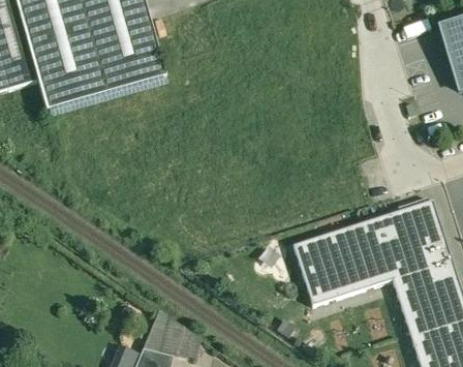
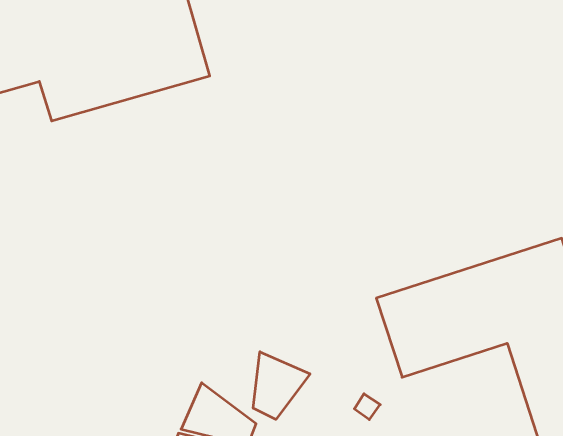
building: none -> [253,352,310,419]

